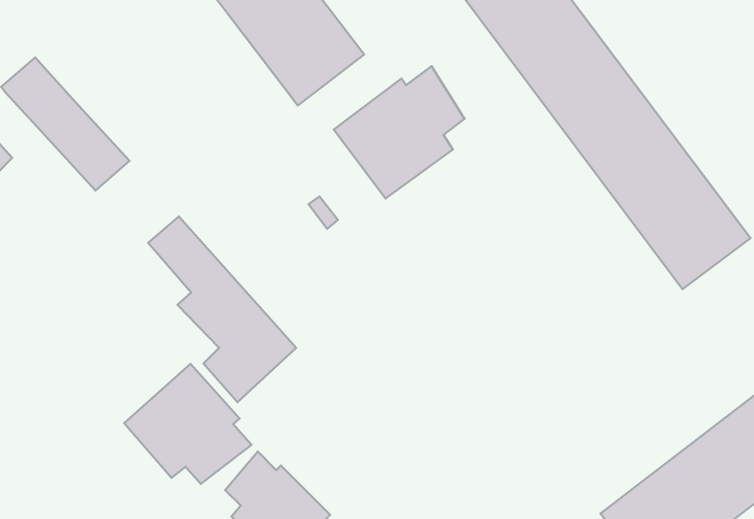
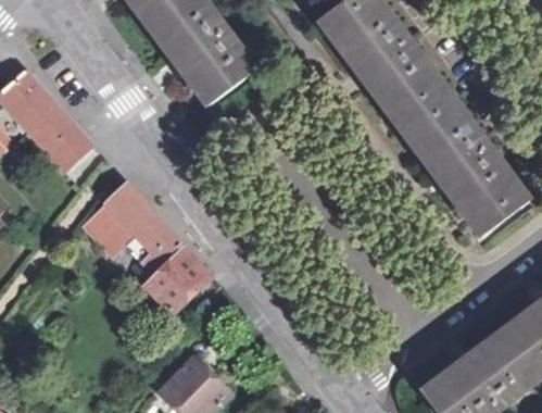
building: [334,66,465,198] -> none
building: none -> [80,202,136,260]
building: [124,364,252,484] -> none

